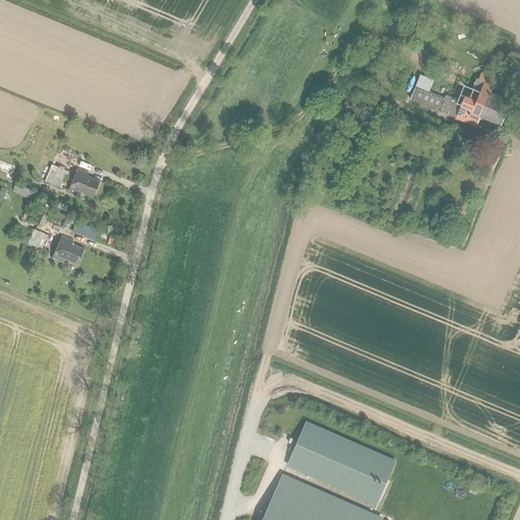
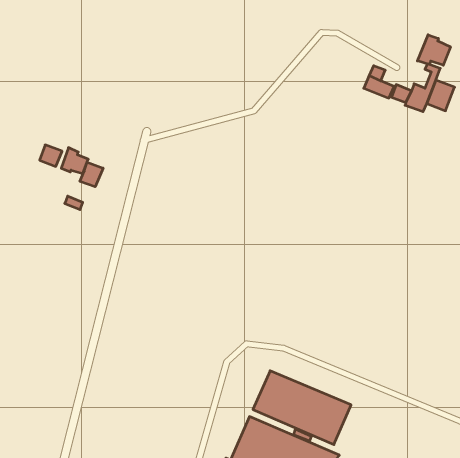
building: none -> [417,35,450,65]
building: none -> [80,162,103,187]
building: [52,237,84,266] -> none

